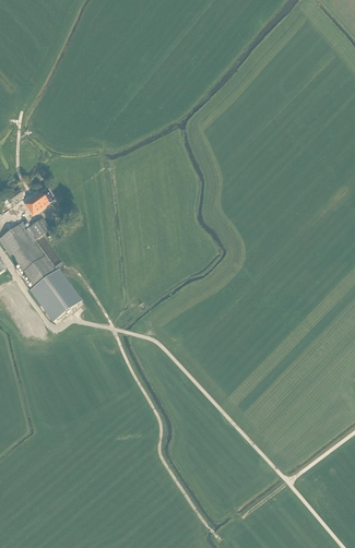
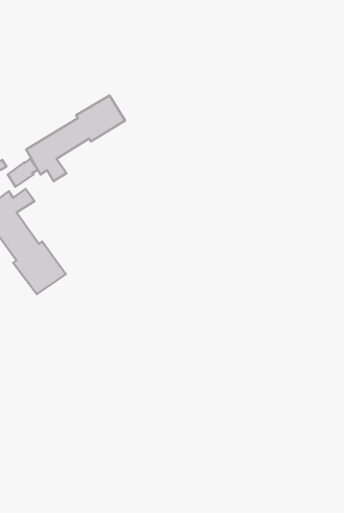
building: none -> [26,95,125,181]

